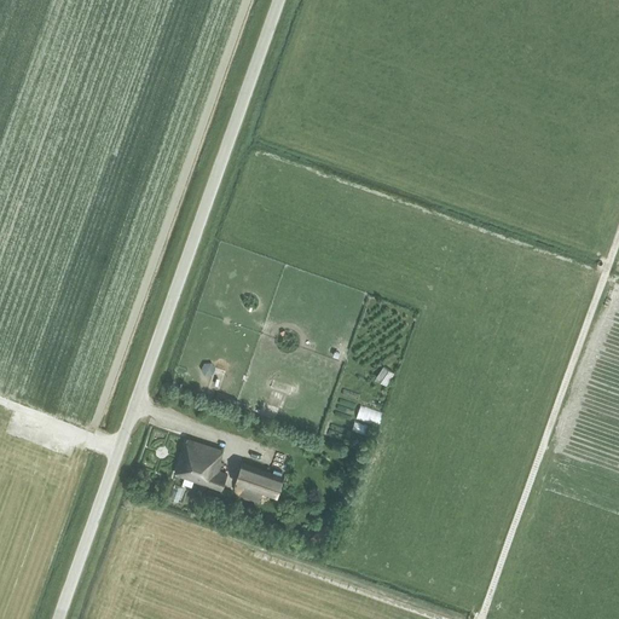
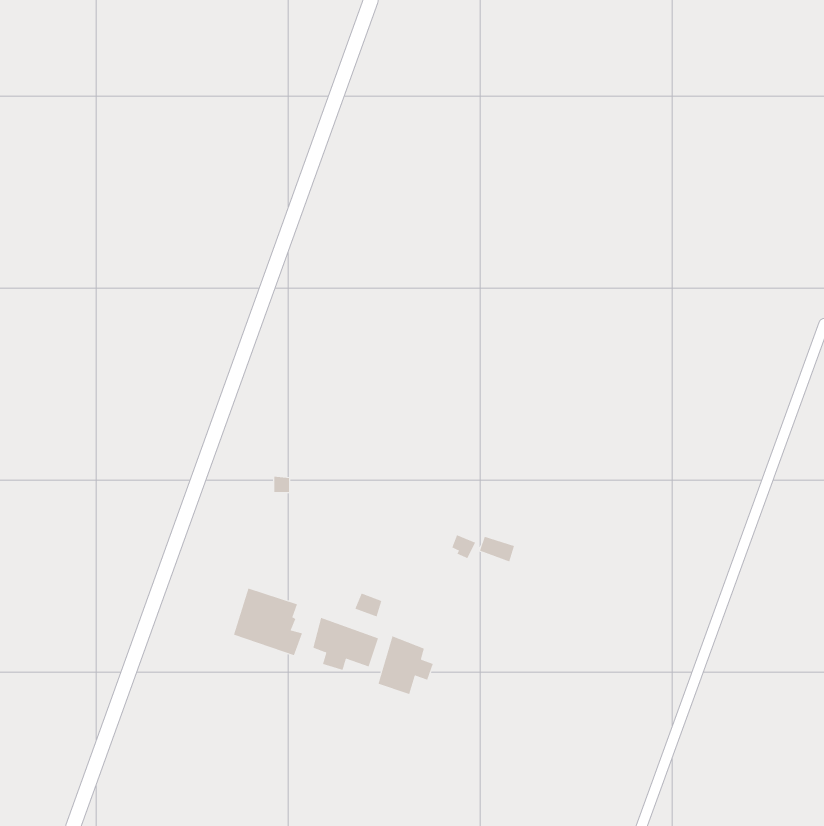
building: none -> [378,636,434,695]

